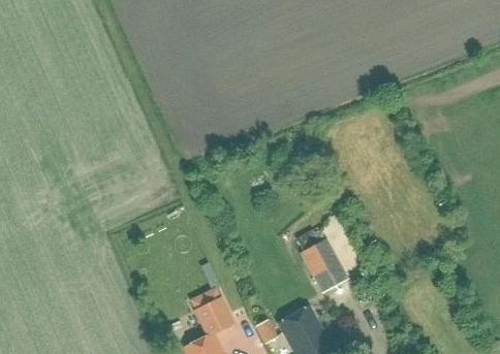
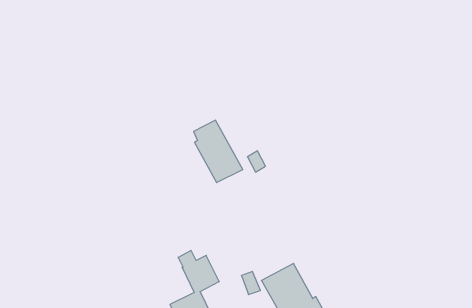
building: [298,229,348,293] -> [194,120,243,183]

